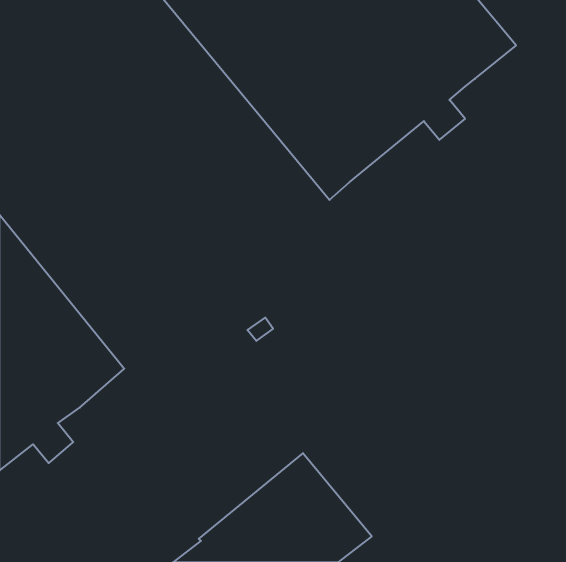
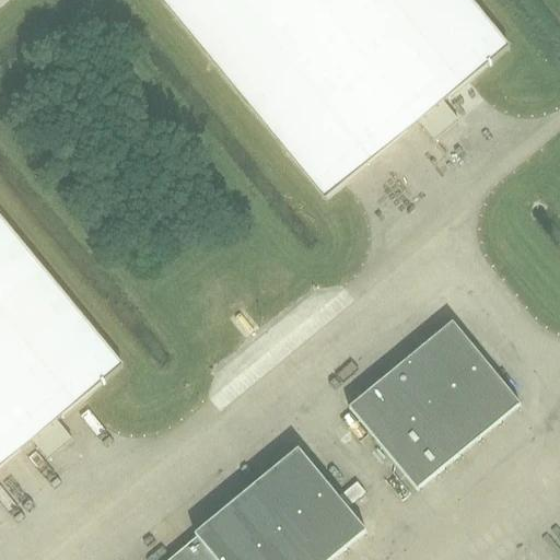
building: none -> [349,318,520,486]

